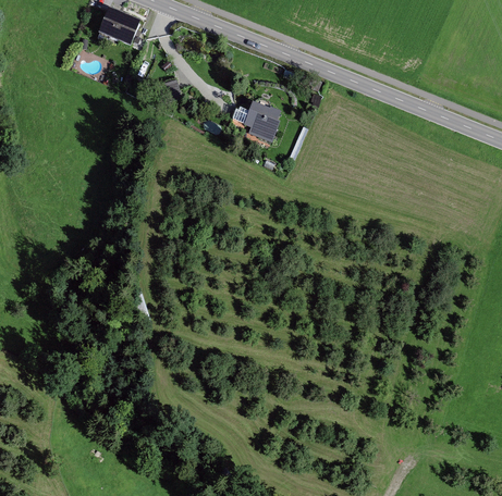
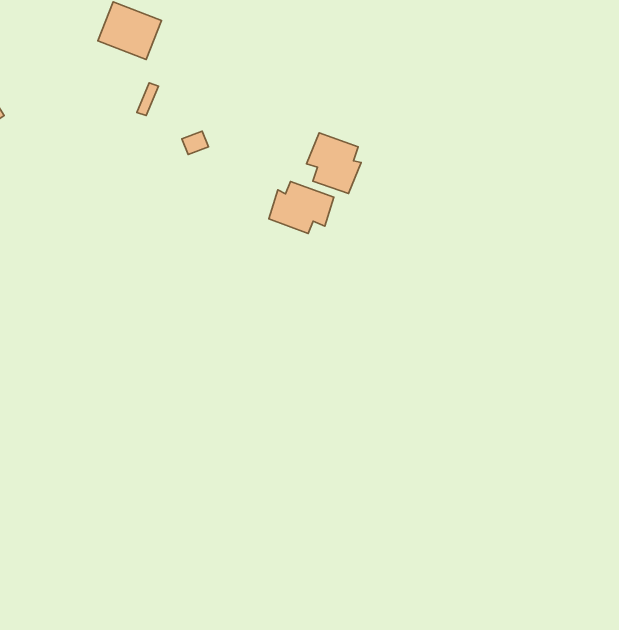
building: none -> [269,182,334,234]

